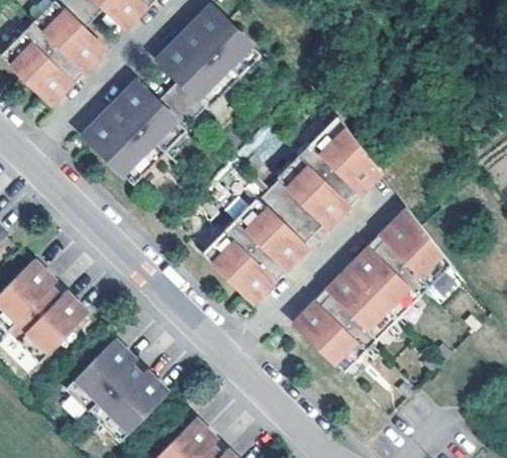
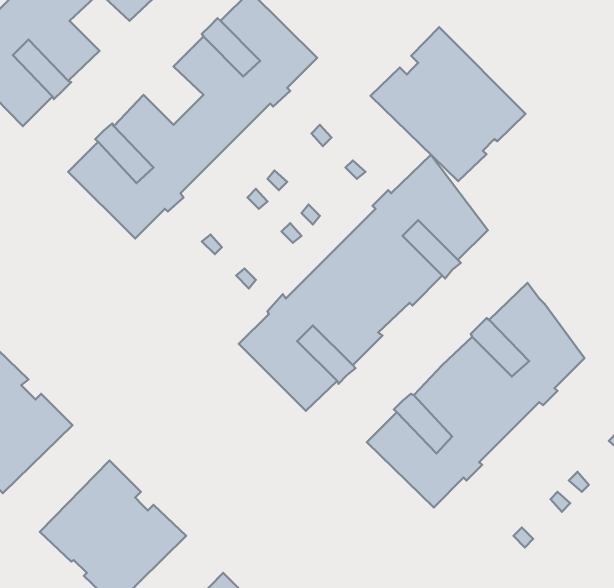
building: none -> [370,27,526,181]

